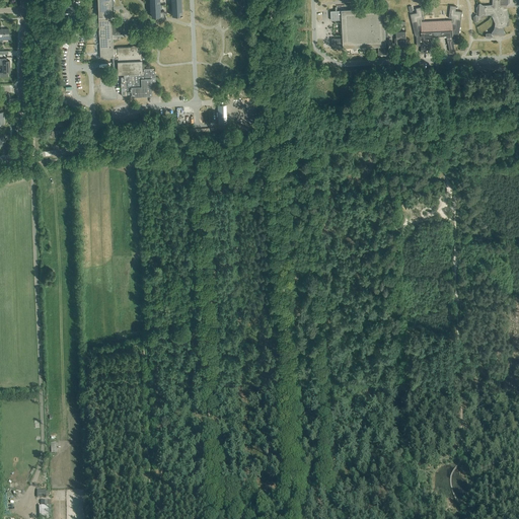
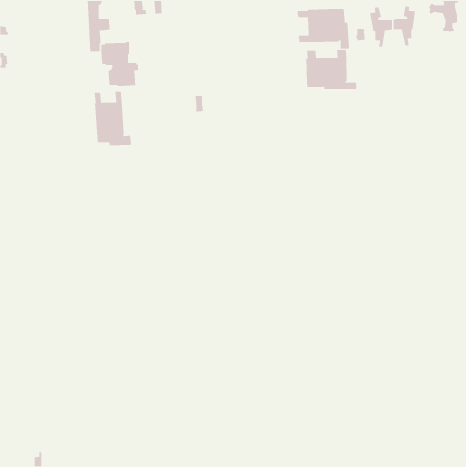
building: none -> [306,49,357,90]
building: none -> [94,91,132,146]

